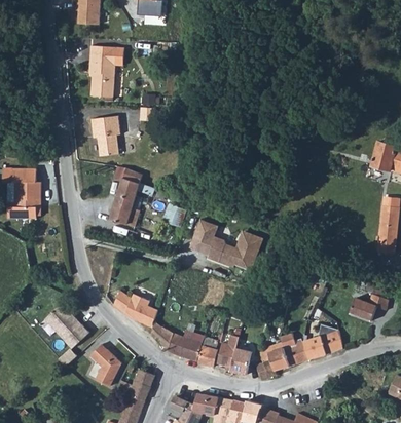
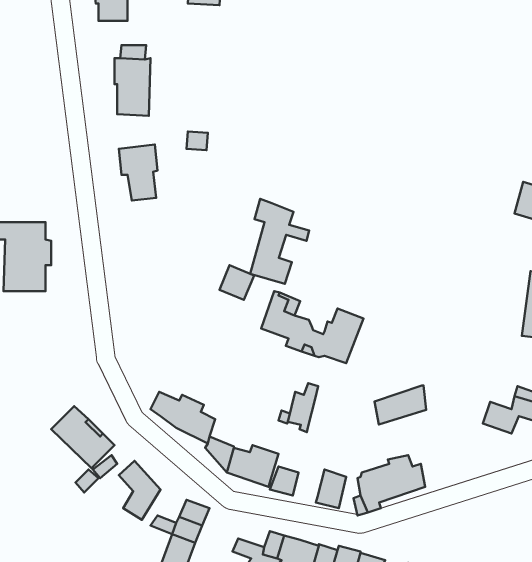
building: [110,165,152,226] -> [250,199,309,284]
building: [305,332,342,359] -> [374,386,426,424]
building: [217,336,239,371] -> [288,383,318,432]

